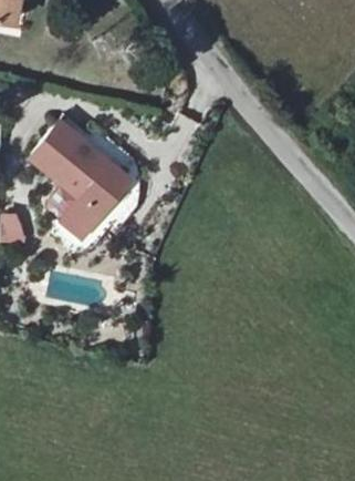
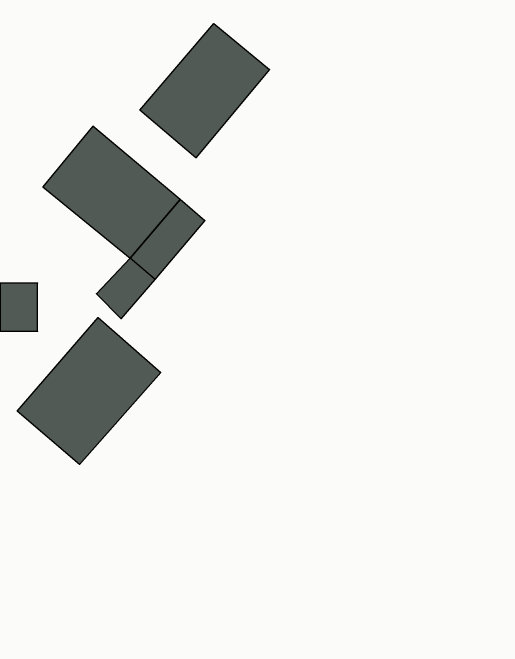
building: none -> [140,24,270,158]
building: none -> [17,318,161,464]

